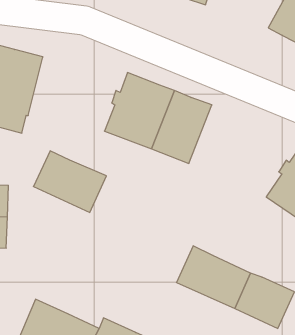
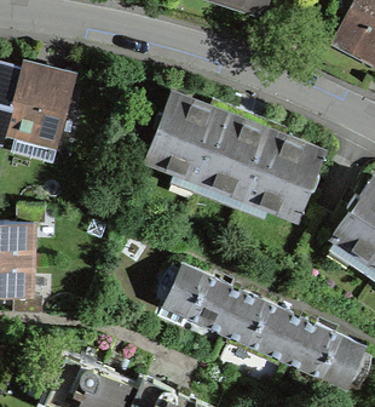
building: none -> [243,131,324,220]
building: [33,151,106,212] -> [163,265,248,337]

